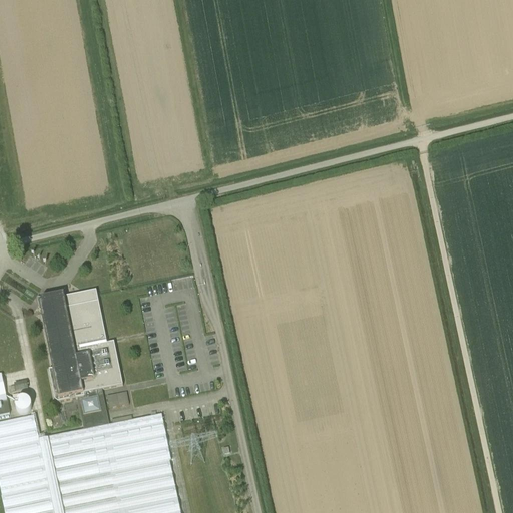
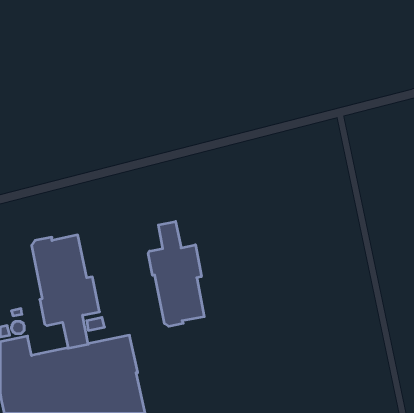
building: none -> [148,221,204,326]

